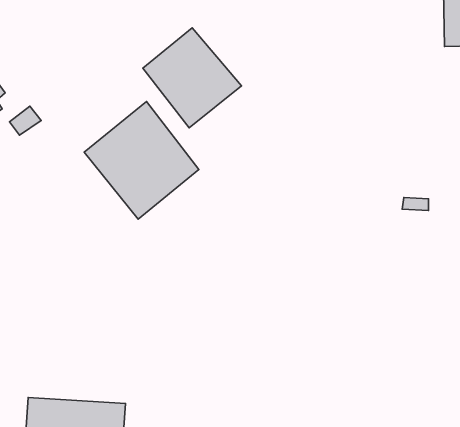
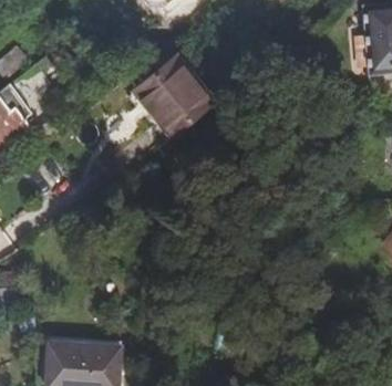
building: [84,101,199,219] -> none

